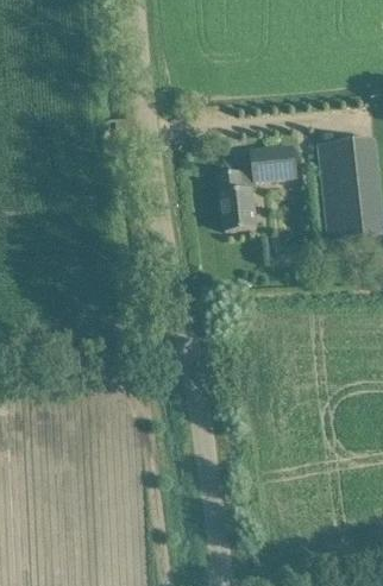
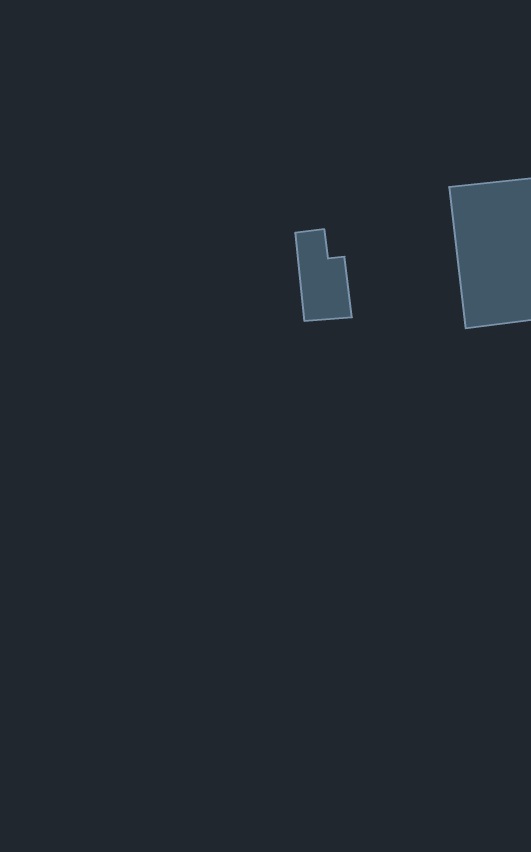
building: [251,146,294,181] -> none

